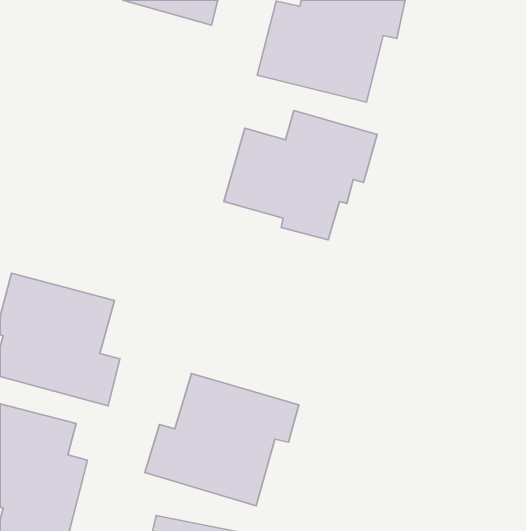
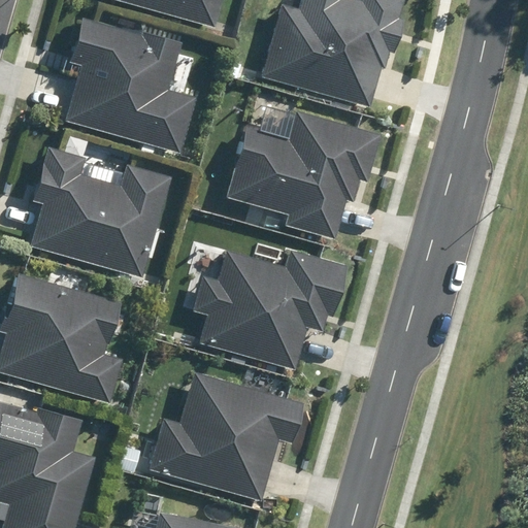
building: none -> [62,15,197,155]
building: none -> [32,146,170,277]
building: none -> [193,250,345,371]

